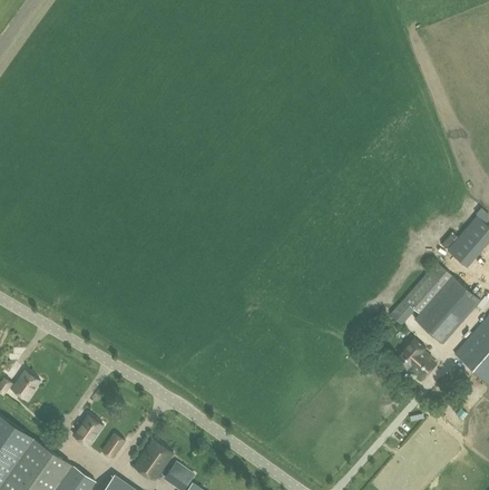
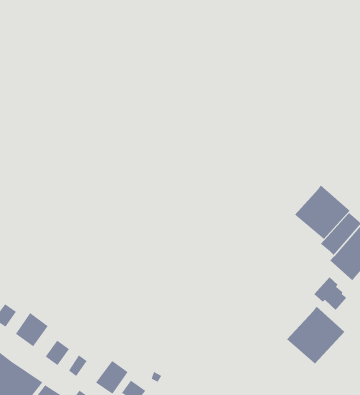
building: none -> [294,185,351,240]
building: none -> [286,306,345,364]
building: none -> [15,312,49,347]

